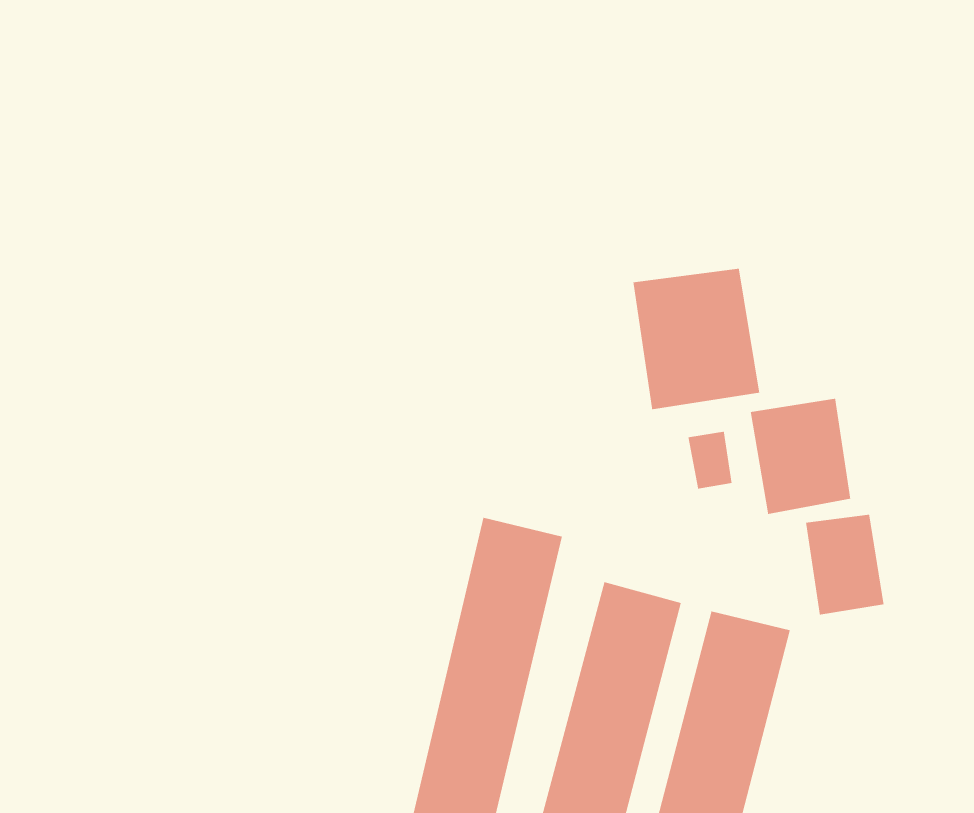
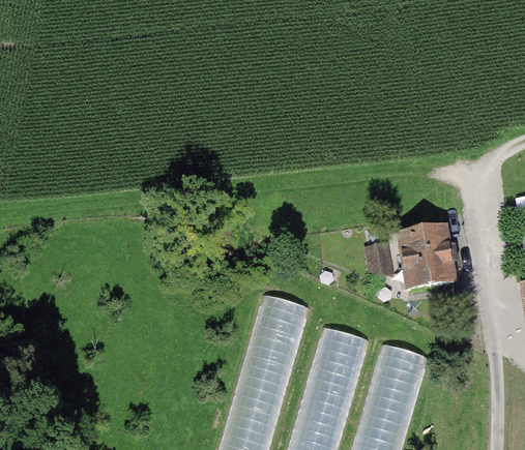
building: [633,268,760,410] -> none
building: [805,514,885,615] -> none

